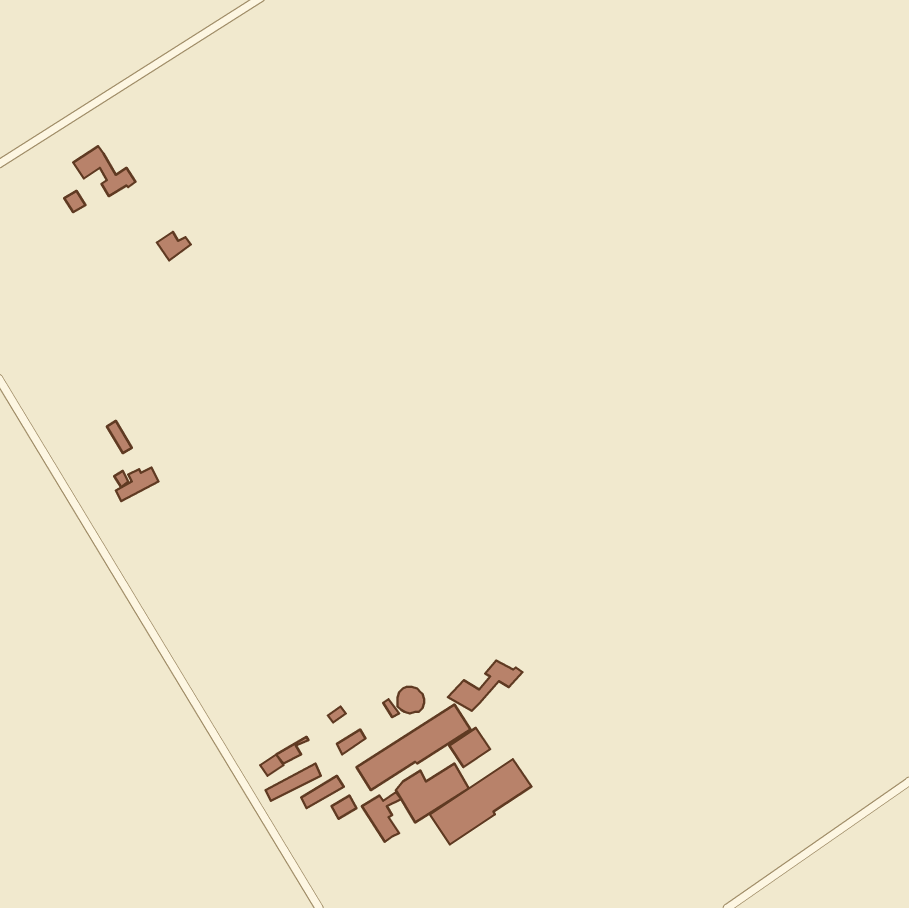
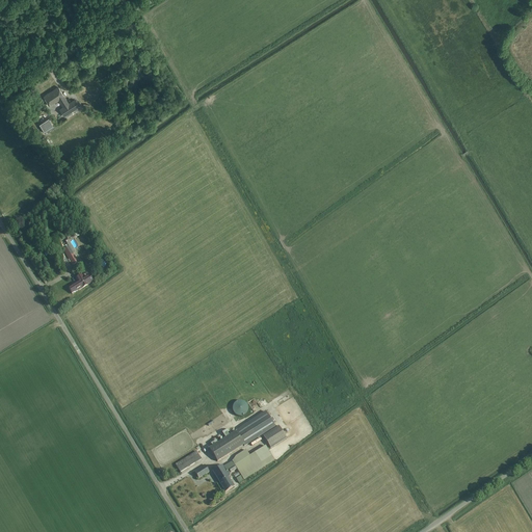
building: [448,661,522,711] -> none
building: [430,759,531,845] -> none

